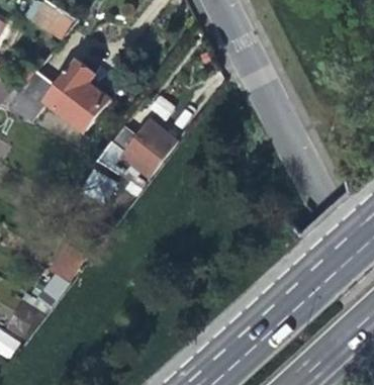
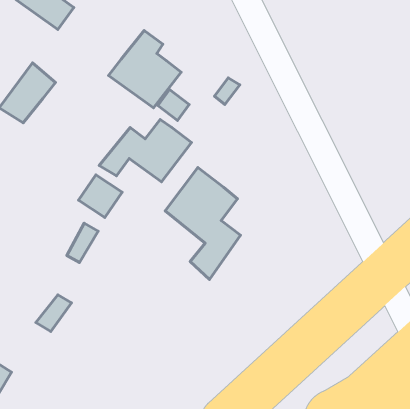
building: [46,61,110,128] -> [109,30,181,108]
building: none -> [165,168,241,279]

